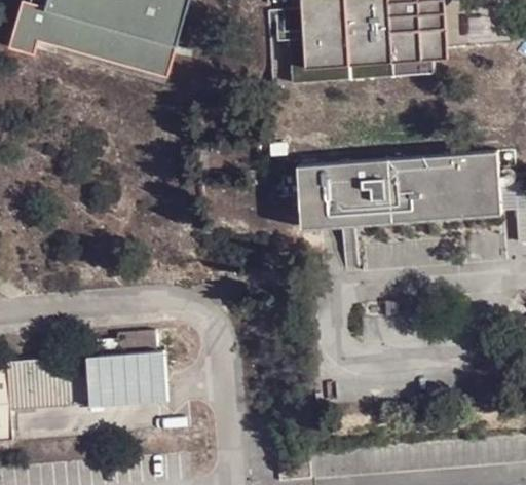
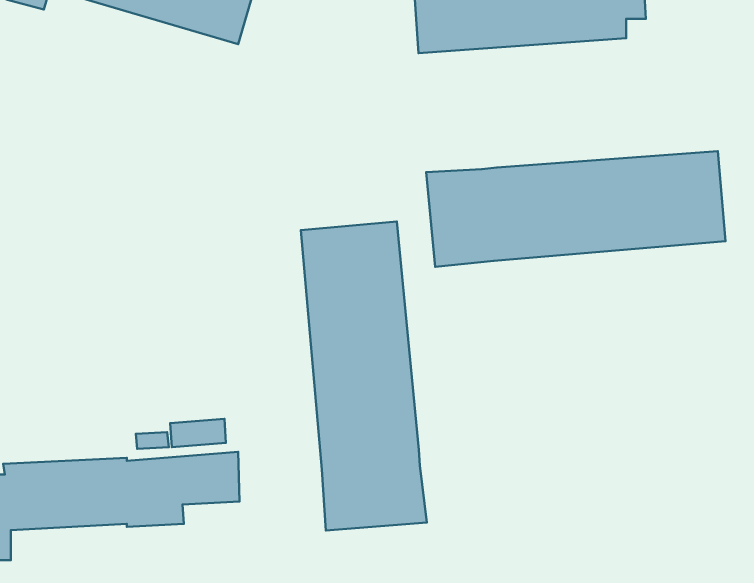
building: none -> [301,222,427,530]

